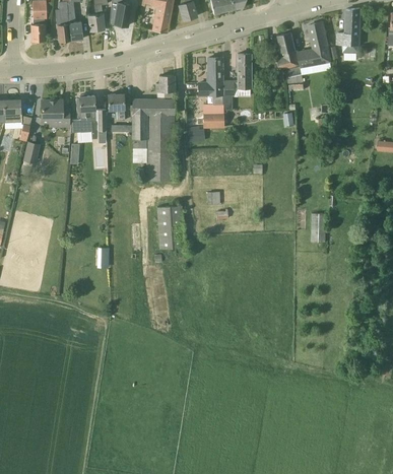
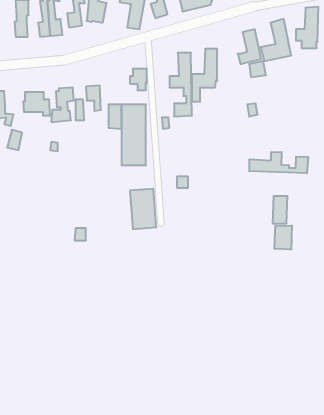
building: [132,98,175,114] -> none
building: none -> [249,152,308,173]
building: none -> [275,225,292,250]

